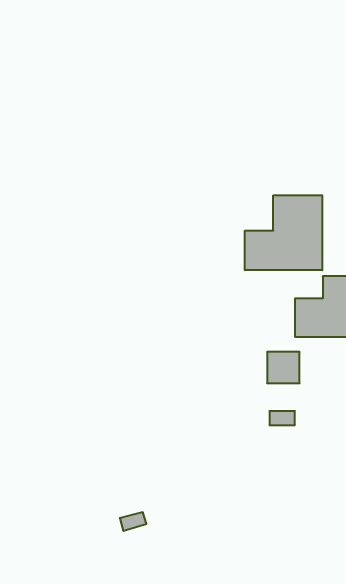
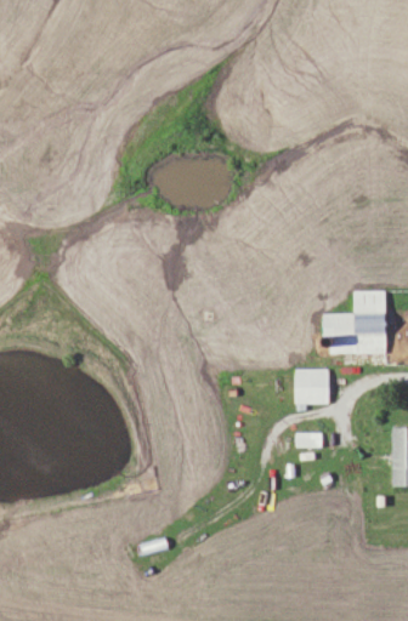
building: [245,195,322,270] -> none

